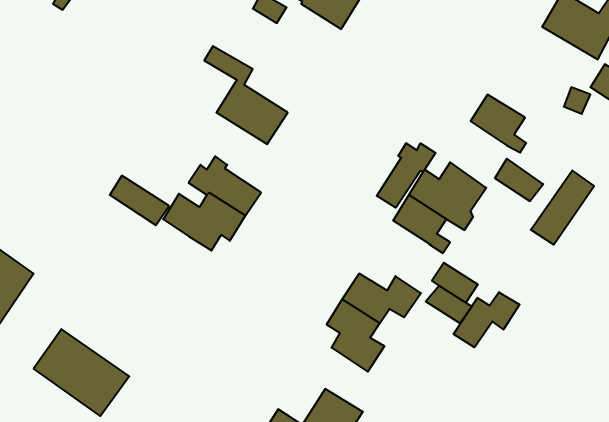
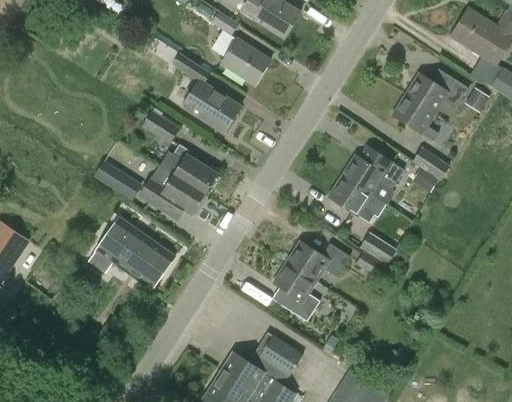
building: none -> [220,37,270,85]
building: none -> [405,67,467,111]
building: none -> [141,110,179,144]
building: [377,143,435,208] -> none
building: [531,170,594,245] -> none
building: [454,292,520,347] -> none
building: [34,329,129,416] -> [96,217,175,289]

